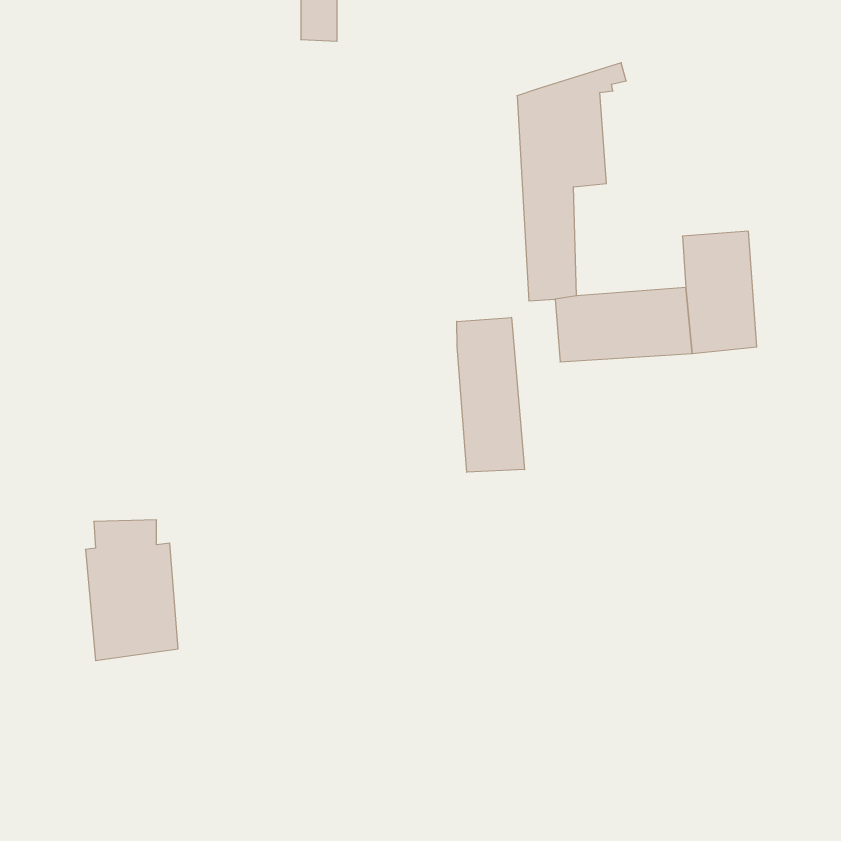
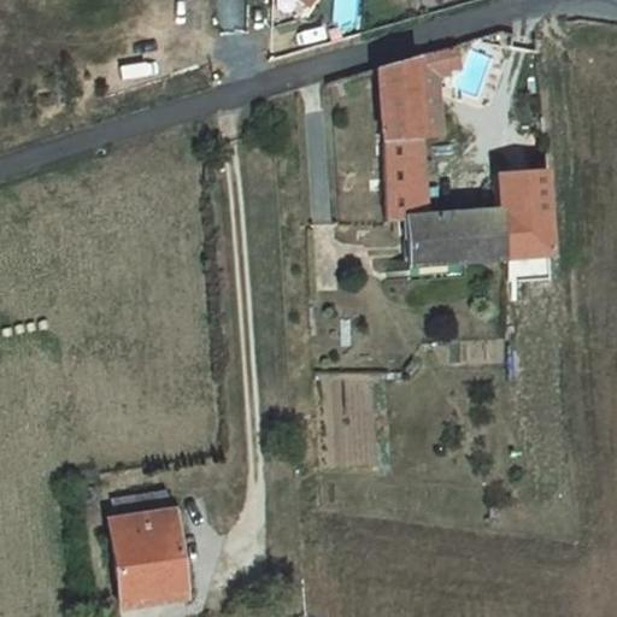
building: [457,317,524,472] -> none
building: [85,520,178,660] -> [112,493,180,595]

